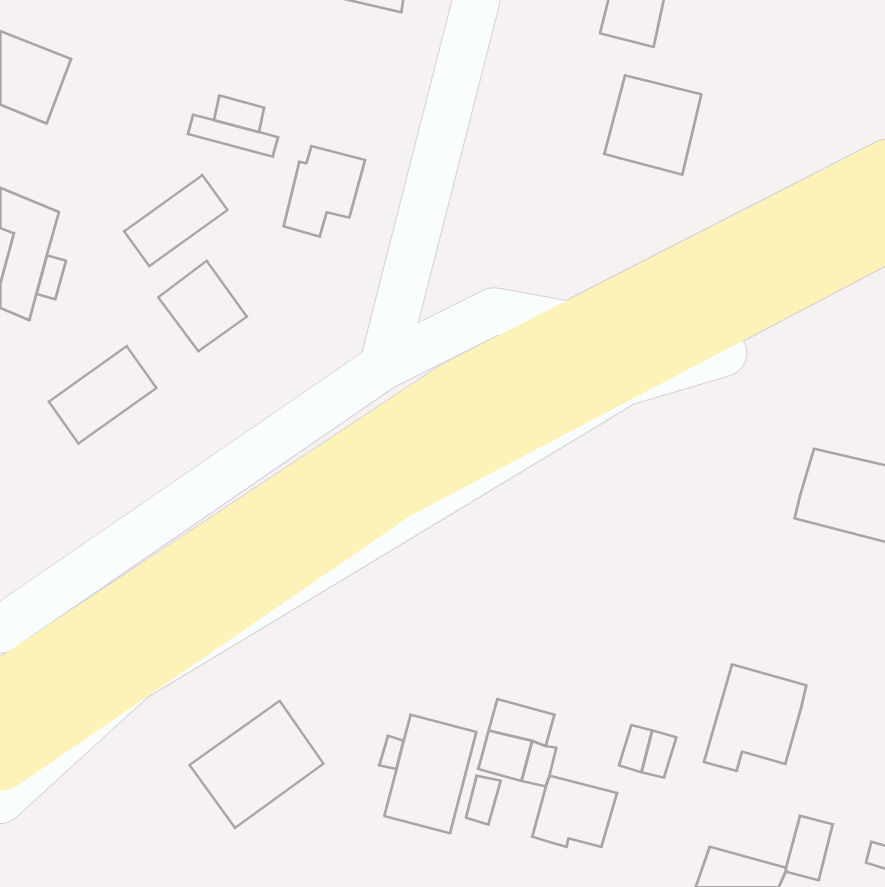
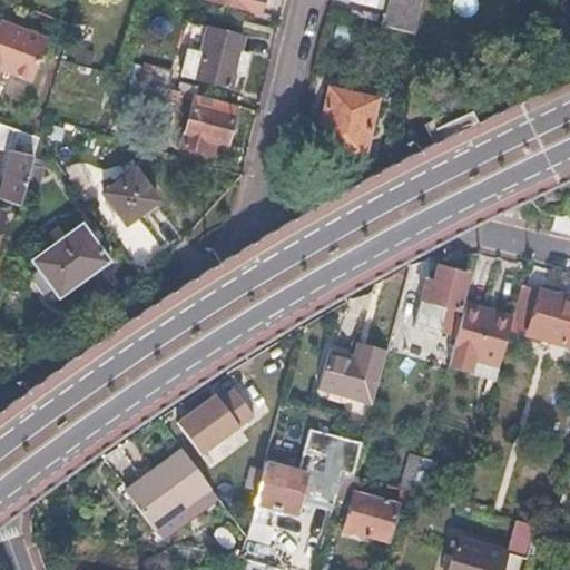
building: none -> [198,27,248,87]
building: [604,75,701,175] -> [313,87,375,150]
building: [124,175,227,266] -> none
building: none -> [414,264,468,330]
building: none -> [321,341,389,401]
building: none -> [175,390,254,455]
building: [704,665,806,771] -> [449,304,514,372]

